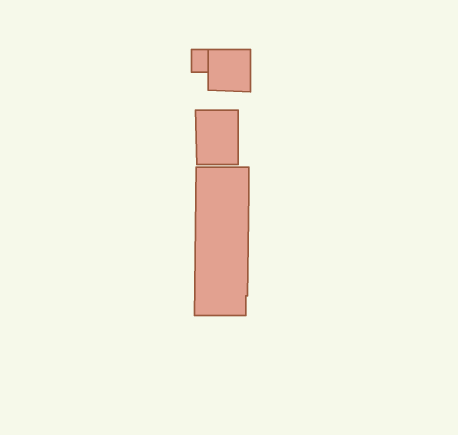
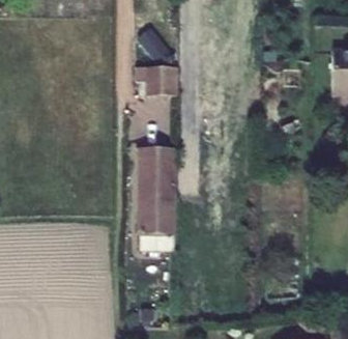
building: [195,110,238,164] -> none

